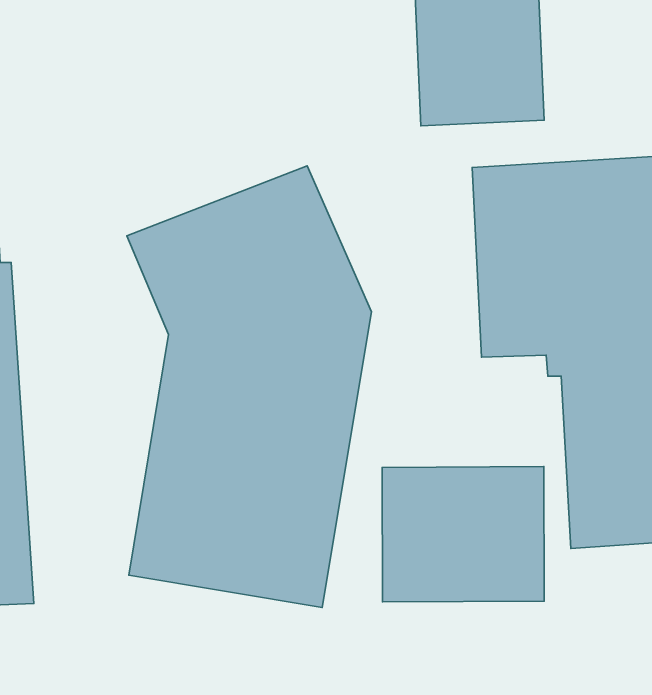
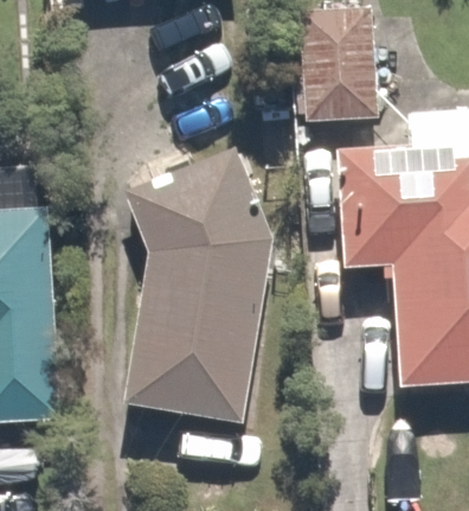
building: [382,467,544,602] -> none

